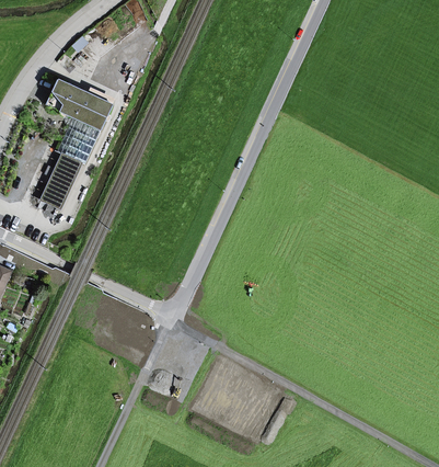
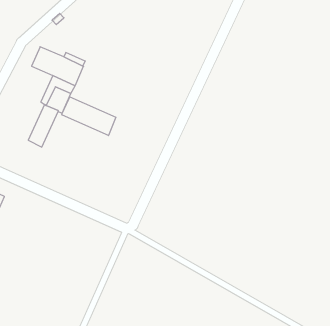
building: none -> [62,97,116,136]

